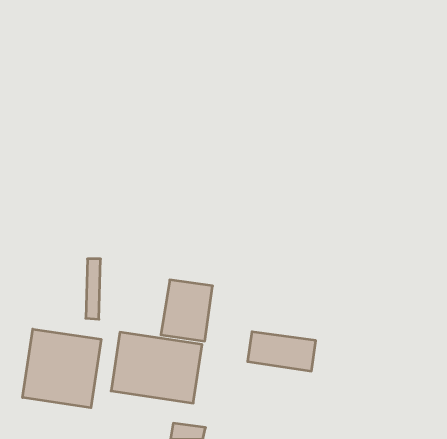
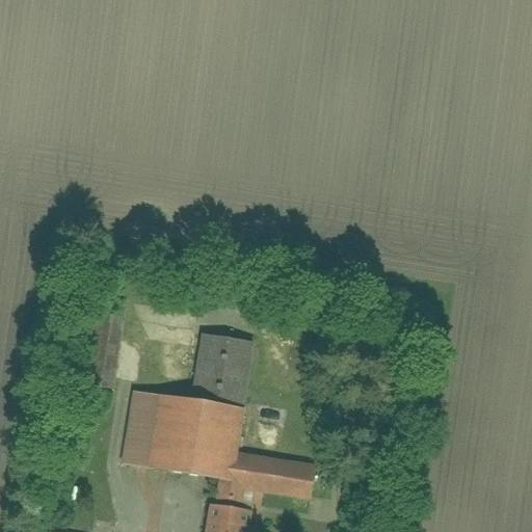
building: [23,329,101,408] -> none
building: [248,332,316,371] -> [232,451,313,498]

